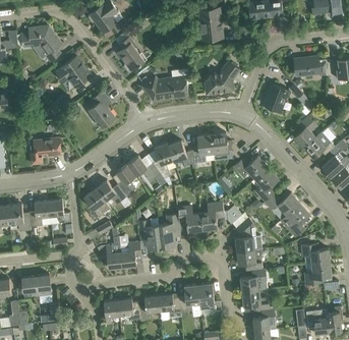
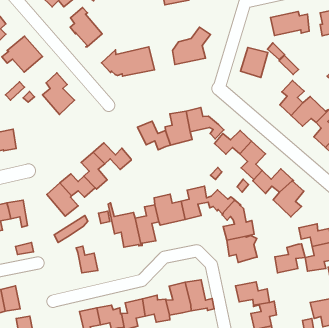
building: [153,143,173,177] -> none
building: [120,240,141,267] -> none
building: [240,268,267,291] -> [275,244,305,273]

